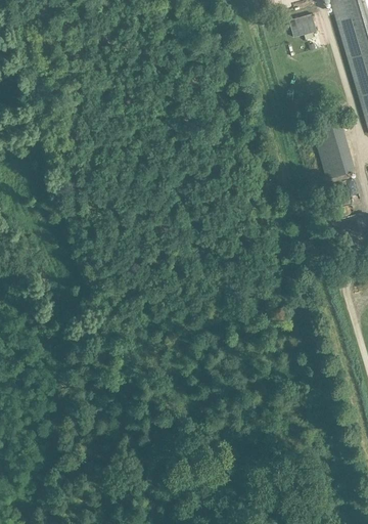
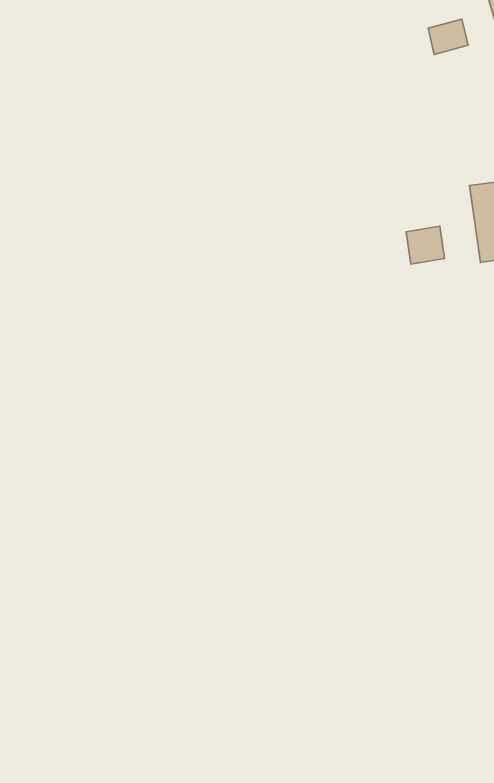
building: none -> [406,226,444,264]

